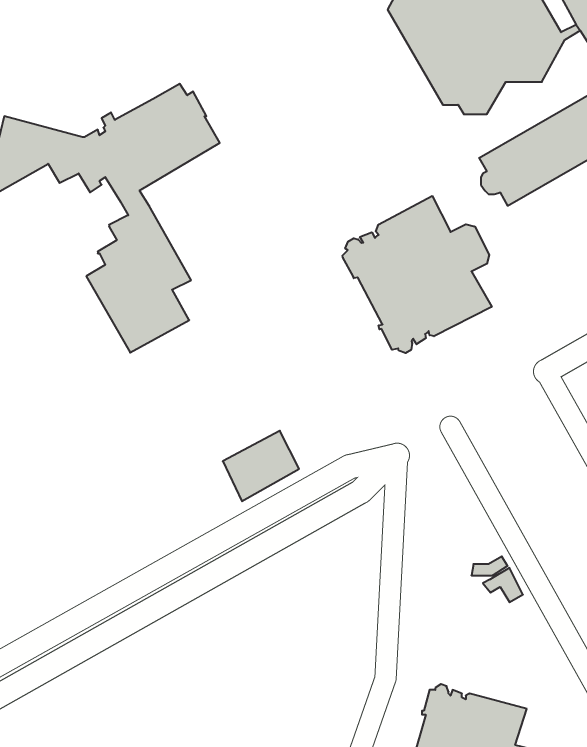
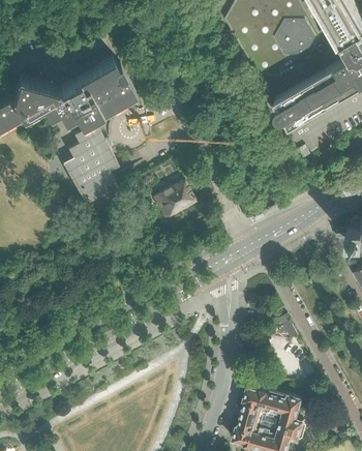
building: [343,196,492,353] -> none
building: [223,431,299,501] -> [154,182,195,220]

